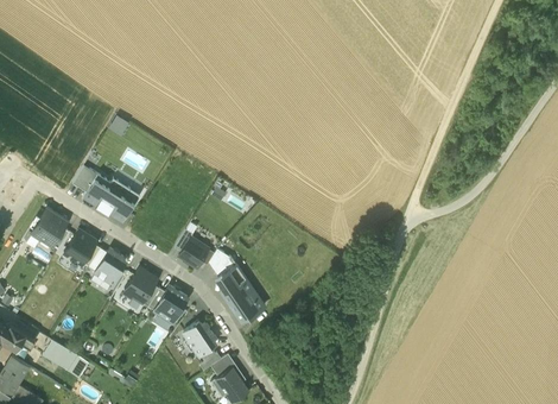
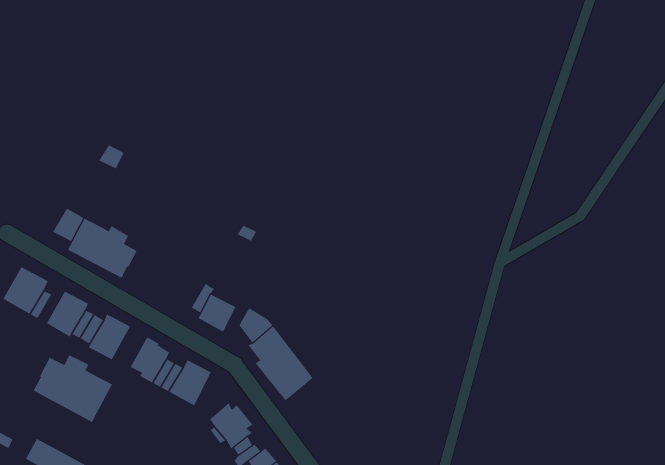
building: none -> [33,354,113,423]

